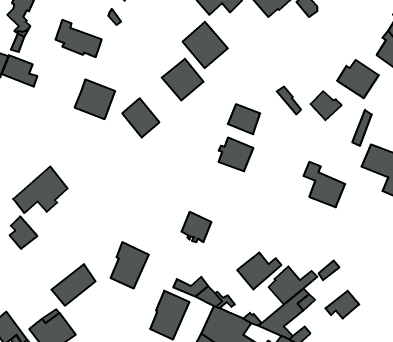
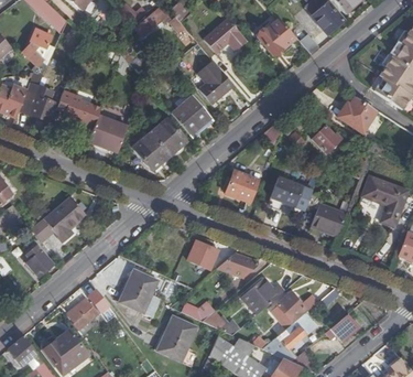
building: [55,20,102,57] -> [56,89,100,125]
building: none -> [150,118,186,155]
building: [228,104,260,134] -> [270,177,301,206]
building: none -> [218,254,258,277]

